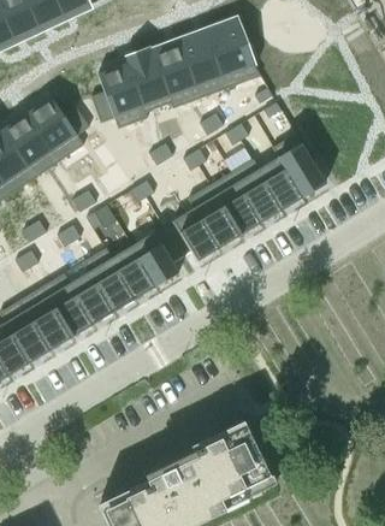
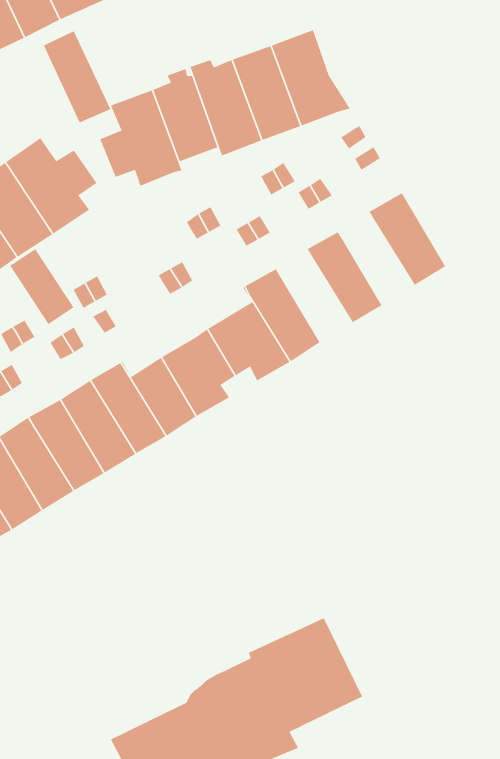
building: none -> [43,30,112,124]
building: [251,148,303,212] -> none
building: none -> [9,248,75,325]
building: [209,173,261,237] -> none

